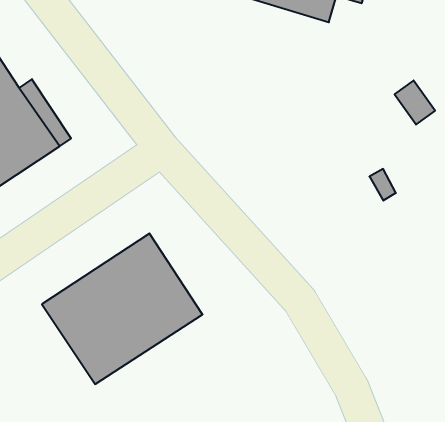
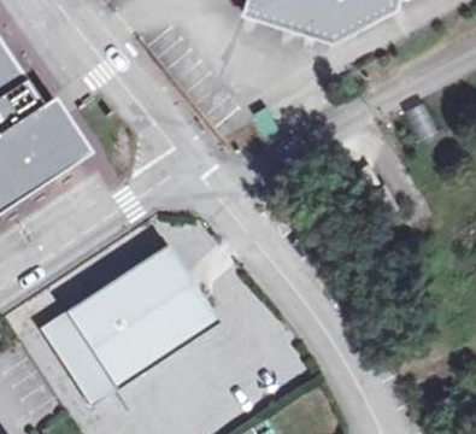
building: none -> [40,311,114,403]

